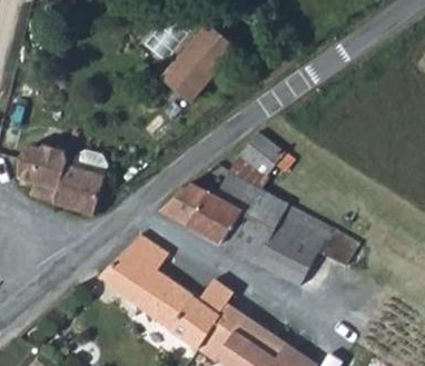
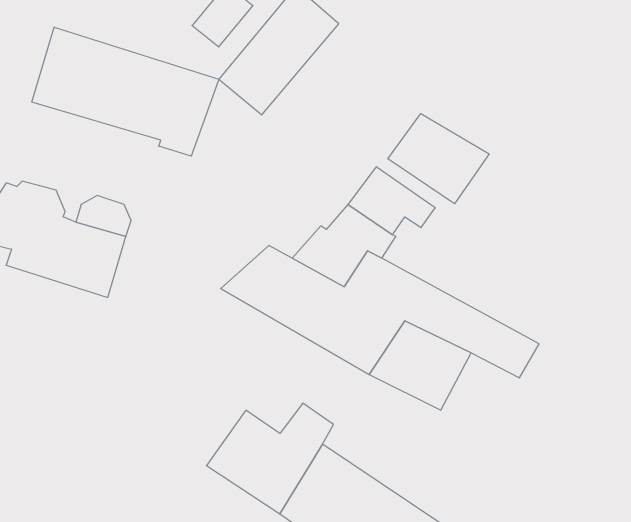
building: none -> [32,27,219,156]
building: none -> [388,114,489,204]
building: [103,235,178,319] -> none

